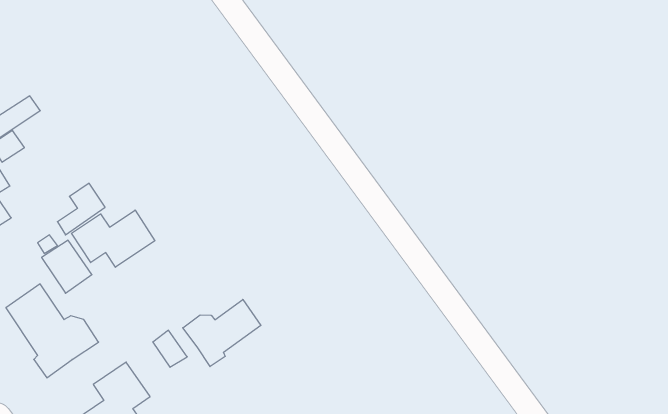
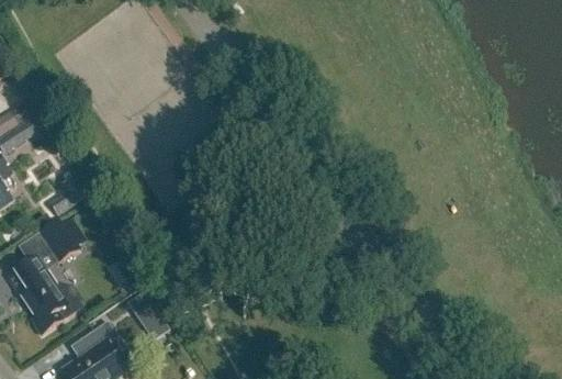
building: [72,210,155,267] -> none
building: [183,299,261,367] -> none

